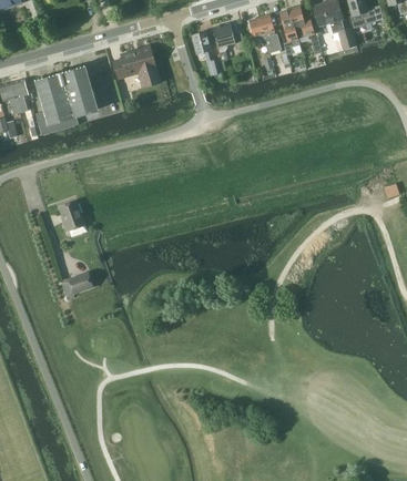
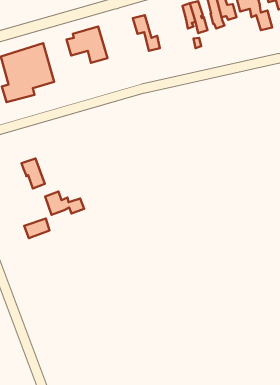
building: [213,22,244,52] -> none
building: none -> [45,191,84,215]

